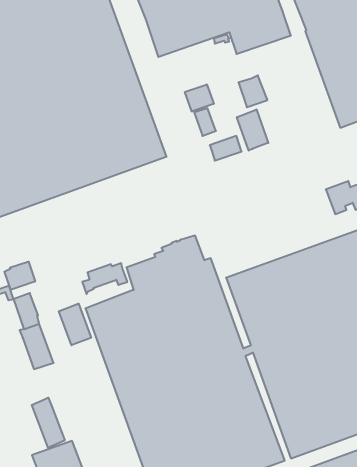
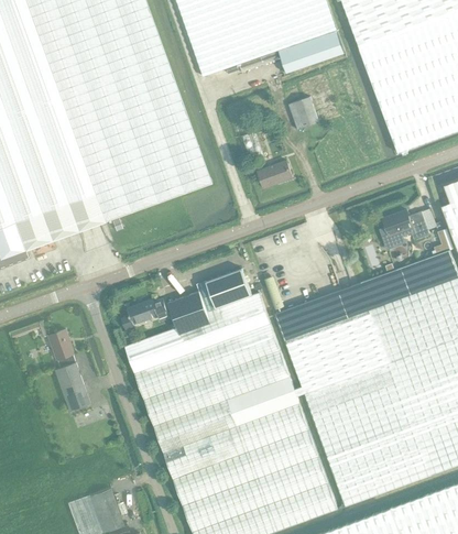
building: [185,84,214,112] -> none
building: [237,109,268,151] -> none
building: [4,262,35,290] -> none
building: [59,304,91,345] -> none
building: [32,398,65,448] -> none

